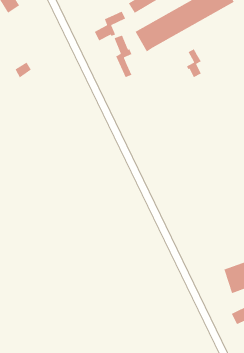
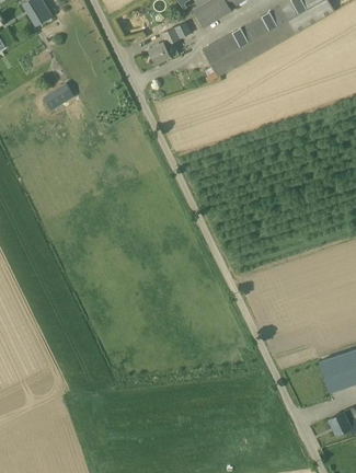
building: [114,34,133,78] -> none
building: [186,48,202,78] -> none

